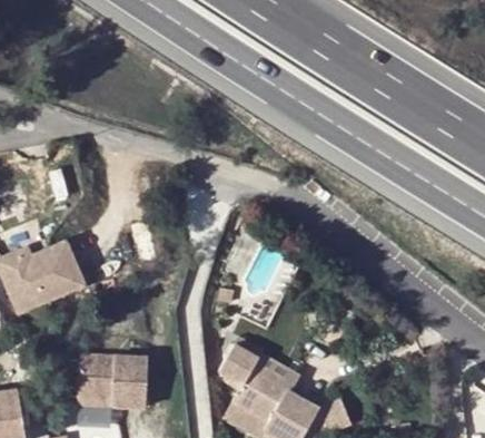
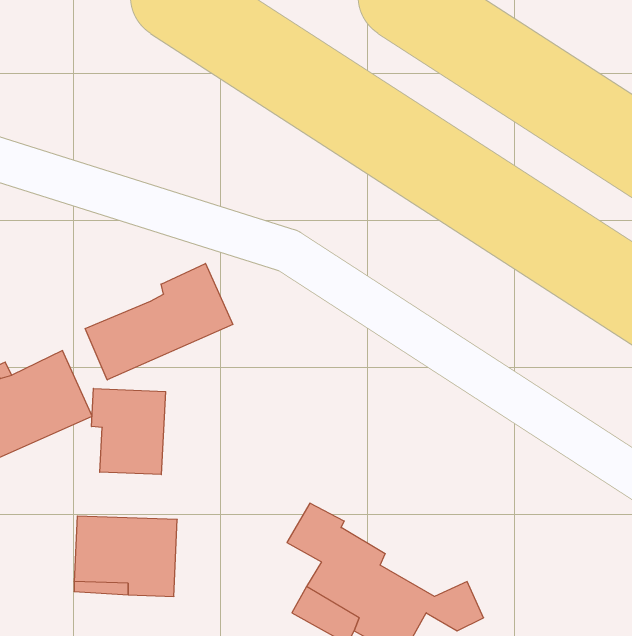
building: none -> [85,263,233,380]
building: none -> [92,388,166,475]

